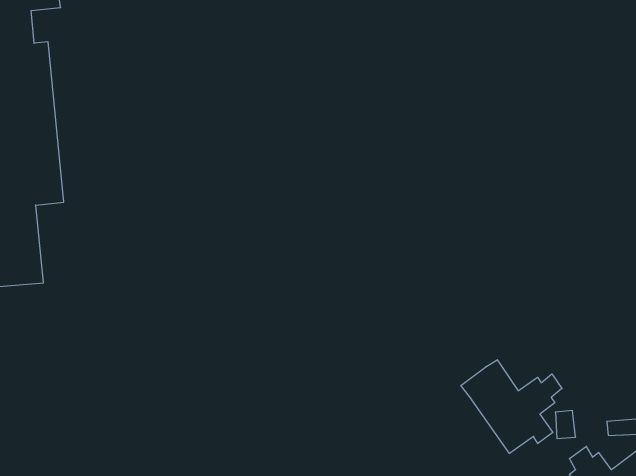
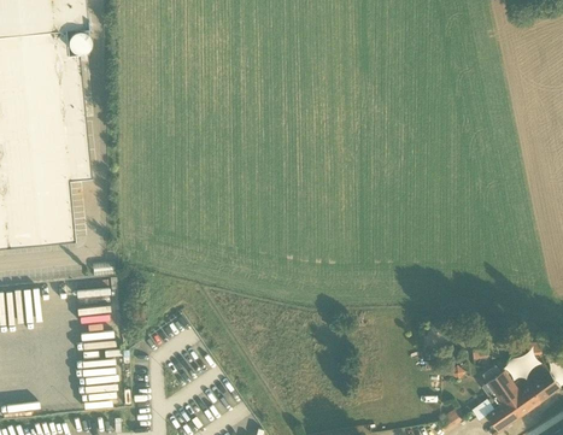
building: [461,360,562,454] -> none

